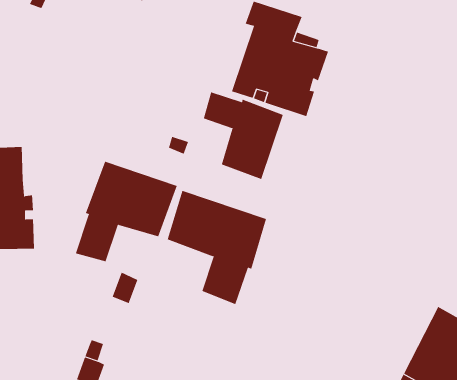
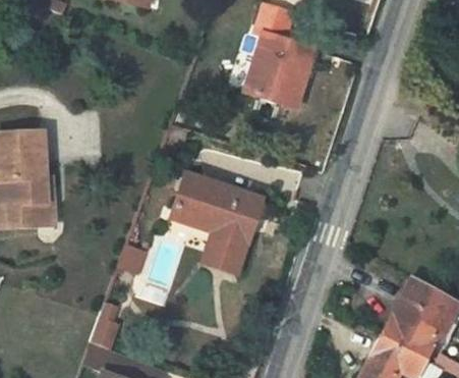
building: [203,91,284,180] -> none
building: [75,161,178,262] -> none

